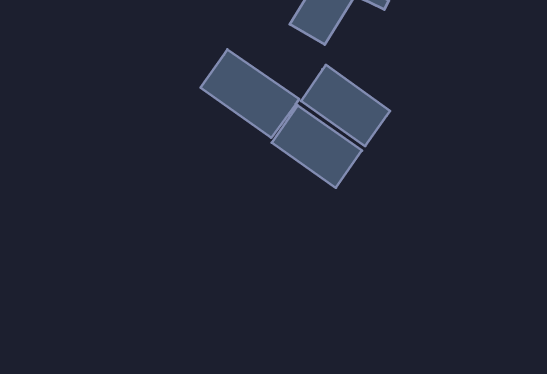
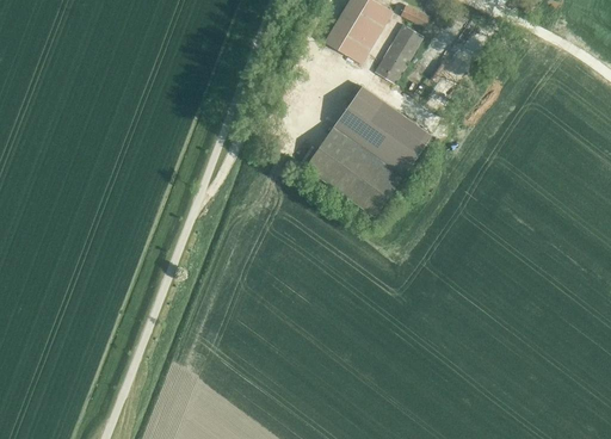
building: none -> [376,24,424,84]
building: [201,49,299,138] -> none

